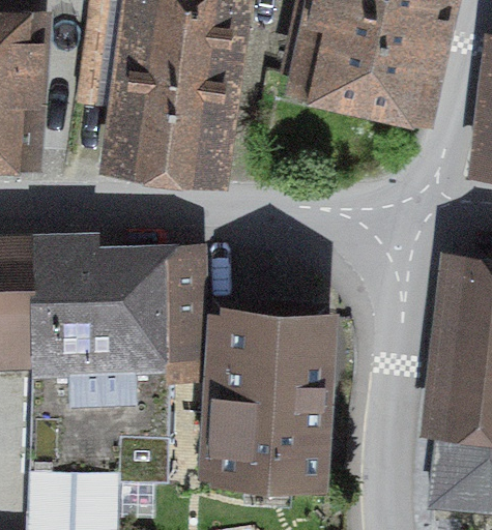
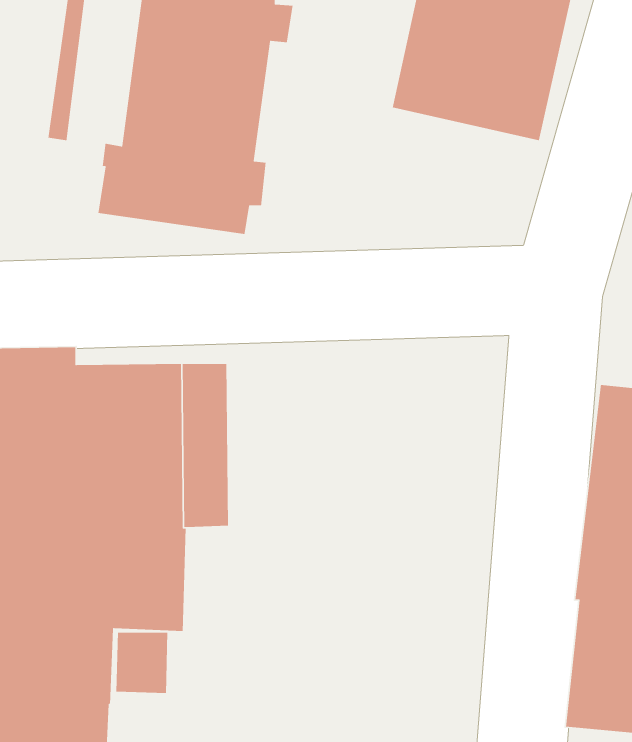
building: [203,314,325,475] -> none

